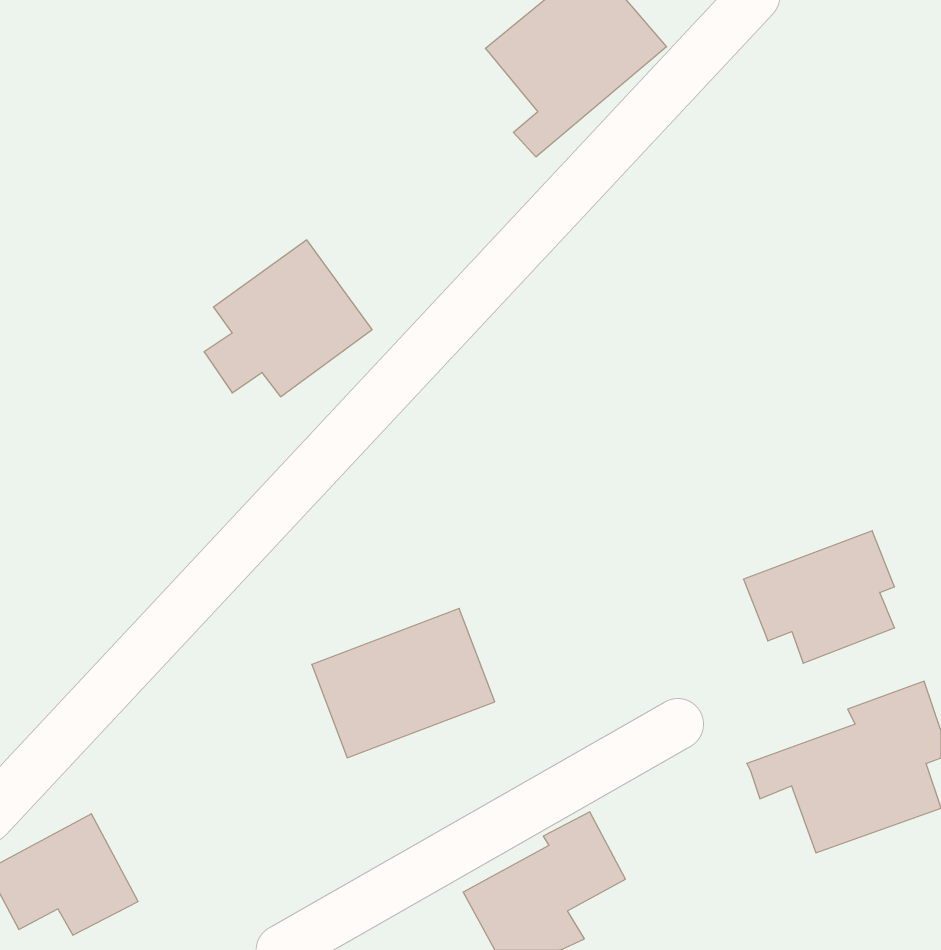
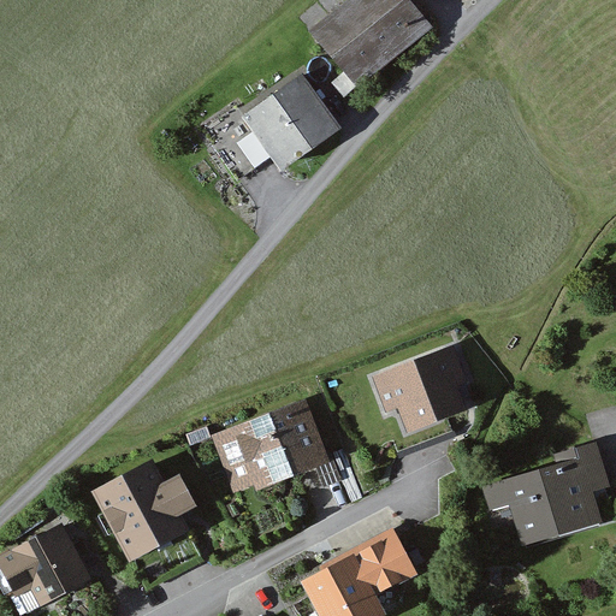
building: [204,240,372,397] -> [237,73,345,174]
building: [743,531,895,663] -> [365,340,462,426]
building: none -> [94,461,201,563]

